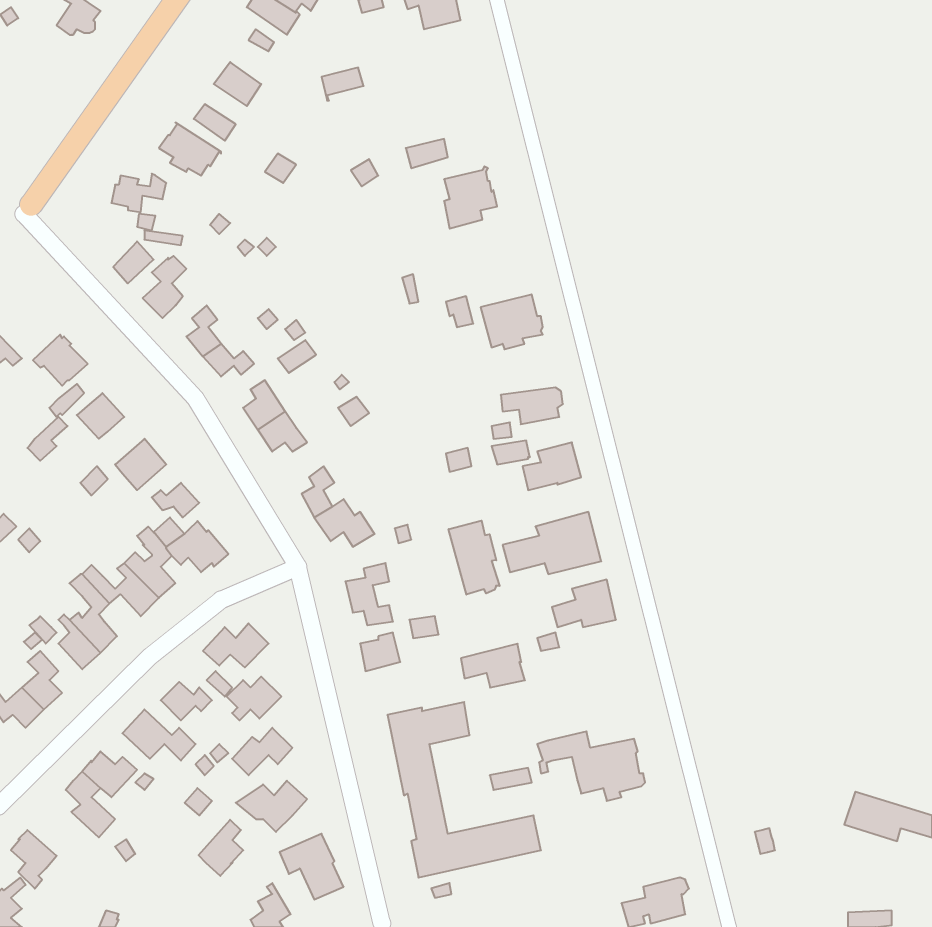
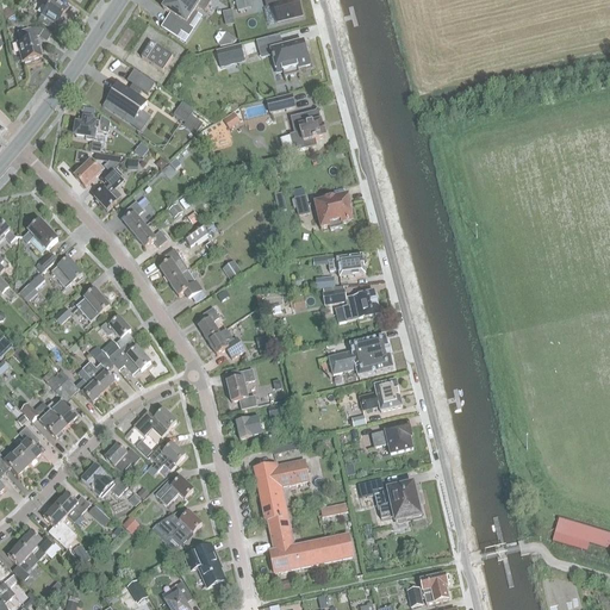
building: none -> [15,25,41,61]
building: none -> [269,38,309,75]
building: [449,521,500,595] -> none
building: [461,644,525,688] -> [371,423,412,452]
building: none -> [18,529,54,558]
building: [199,820,243,876] -> none

